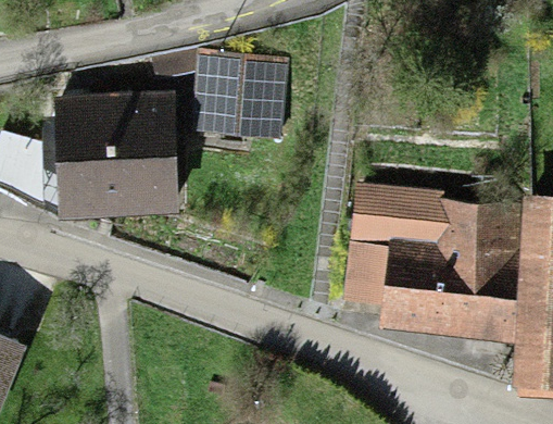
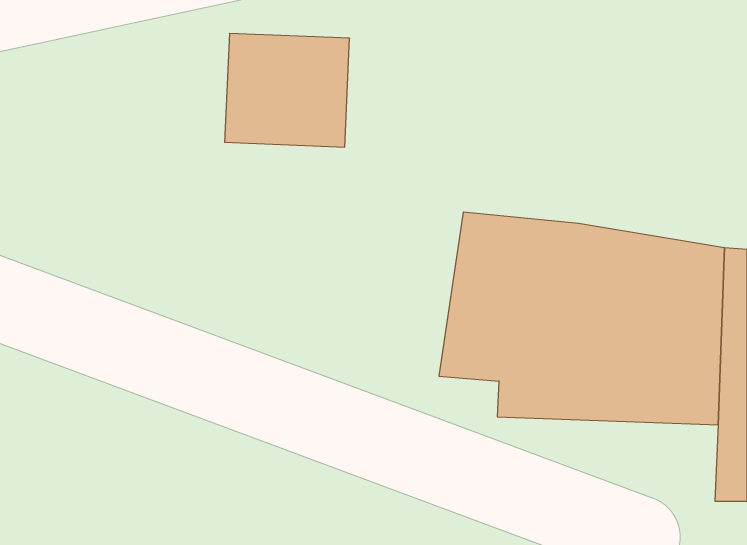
building: [56,98,171,204] -> none

